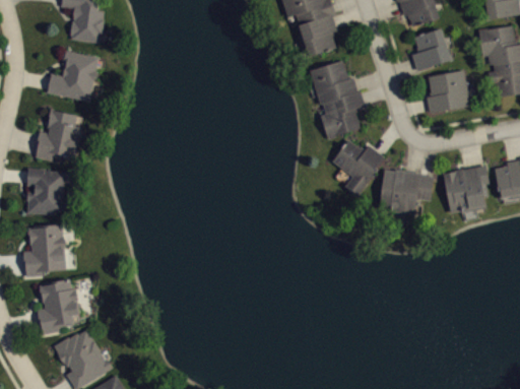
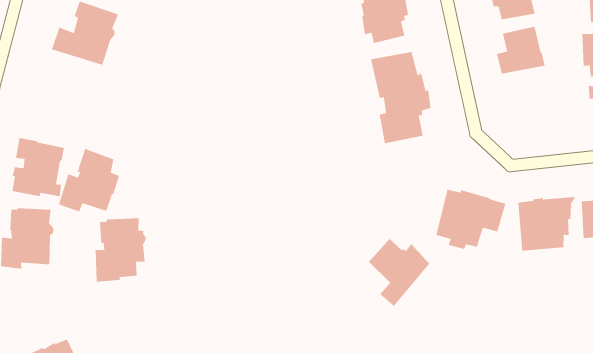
building: [427,71,469,114] -> none
building: [35,109,82,161] -> [58,148,120,212]
building: [333,140,384,196] -> [368,238,430,307]
building: [38,279,80,336] -> [95,218,147,282]

